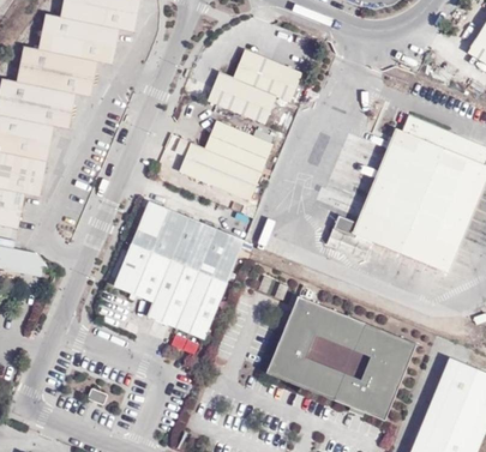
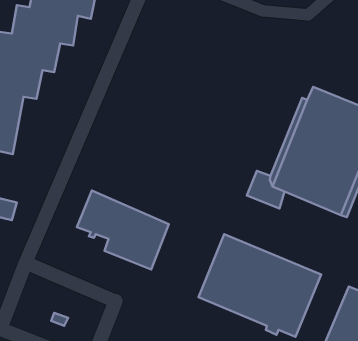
building: [210,52,302,123] -> none
building: [181,117,275,197] -> none
building: [136,199,247,282] -> none

